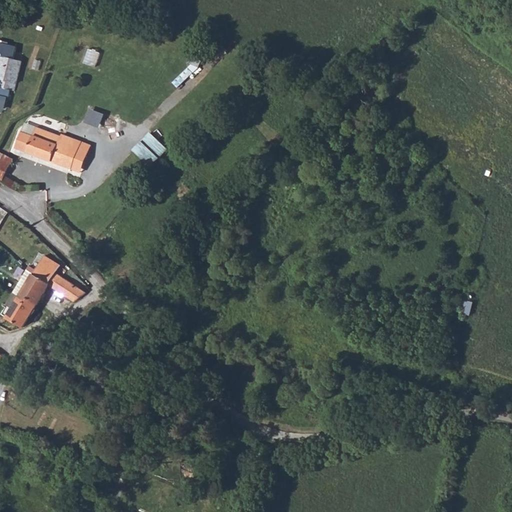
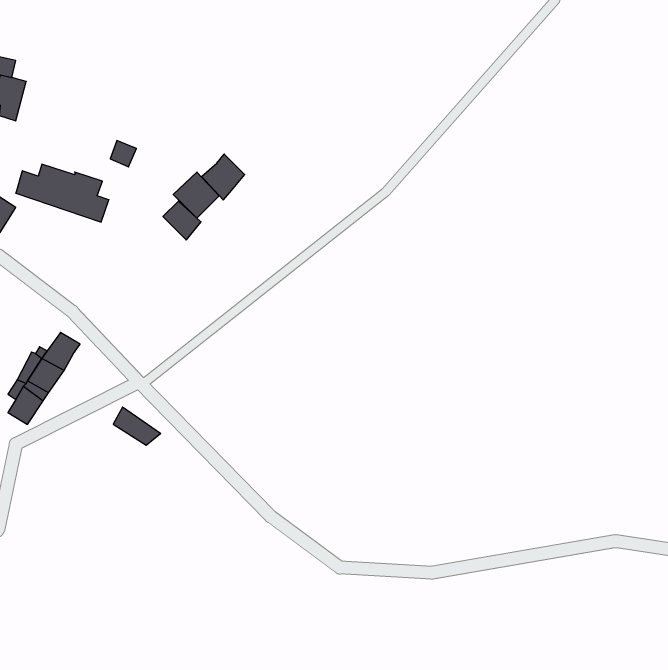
building: none -> [202,154,245,200]
building: none -> [163,201,201,240]
building: [49,270,85,299] -> [113,407,161,445]

